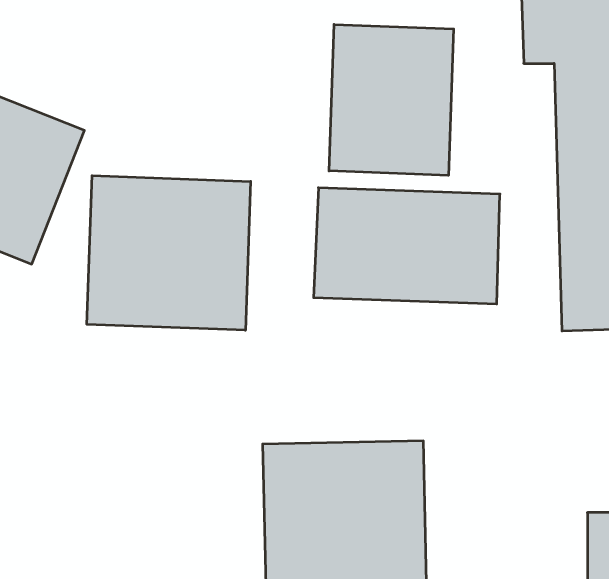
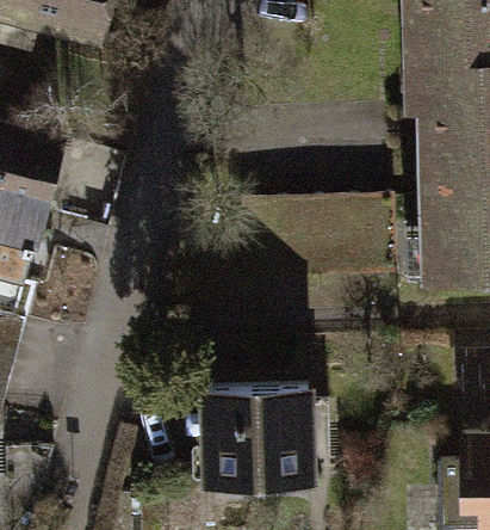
building: [329,24,454,175] -> none
building: [87,176,251,330] -> none

